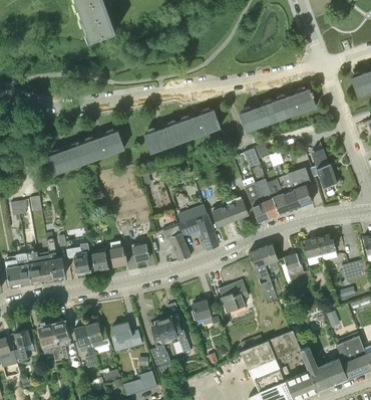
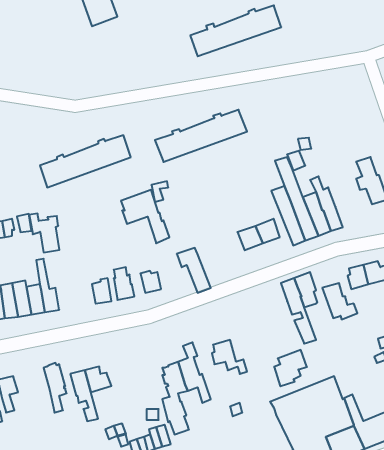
building: [241,88,316,131] -> [190,5,281,56]
building: [288,168,312,207] -> none
building: [178,206,219,250] -> [121,190,169,243]
building: [65,241,90,273] -> [29,214,59,252]
building: [222,282,249,313] -> [274,350,307,386]
building: [112,322,142,346] -> none
building: [39,323,61,362] -> none

